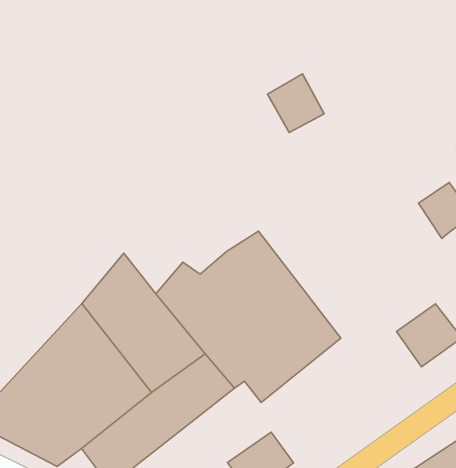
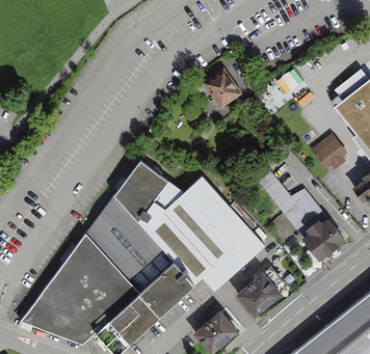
building: none -> [114,160,184,223]
building: none -> [250,162,328,237]
building: none -> [239,266,288,317]

